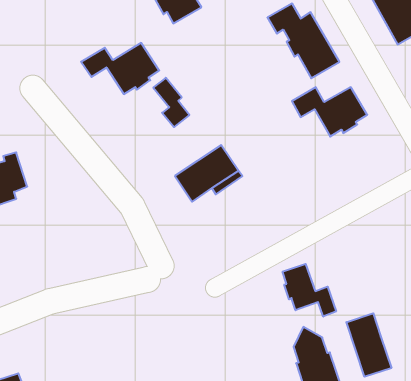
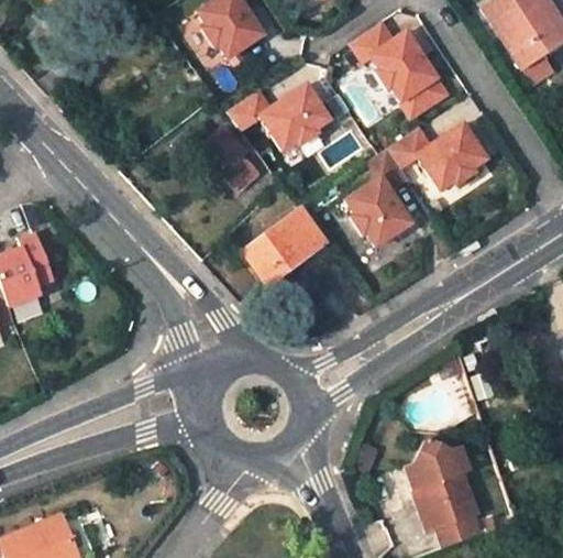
building: [81,43,159,94] -> [229,81,330,149]
building: none -> [345,147,411,247]
building: [283,264,336,317] -> none
building: [346,313,391,377] -> none

